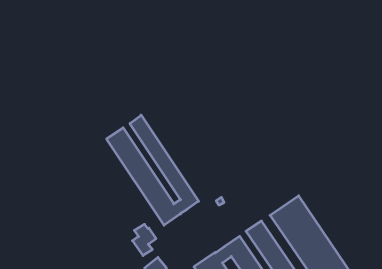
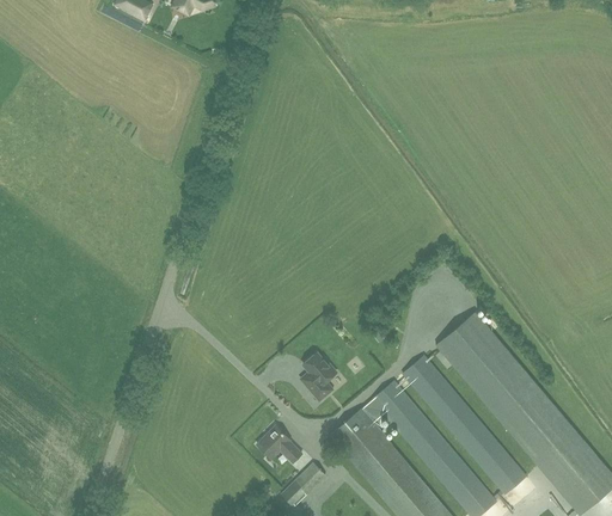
building: [107,115,199,225] -> none
building: [132,224,156,256] -> [301,352,336,399]

